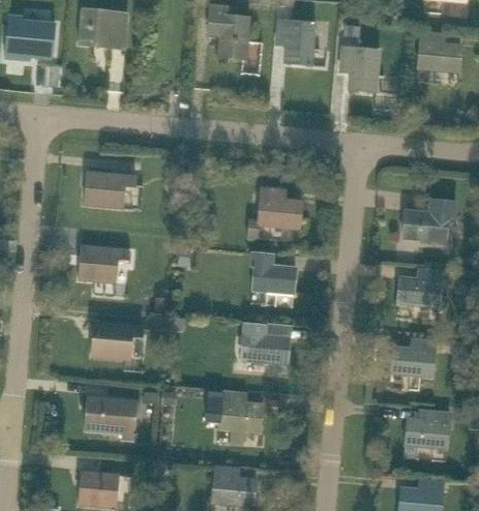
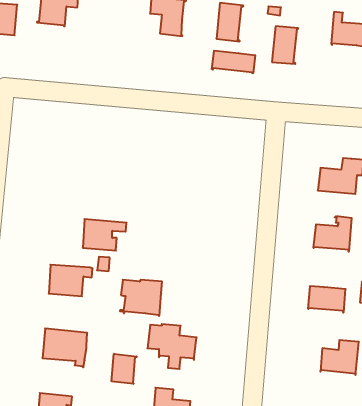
building: none -> [212,51,255,73]
building: [85,172,137,208] -> none
building: [247,198,302,237] -> none
building: [79,246,129,282] -> [83,219,127,251]
building: [251,252,296,295] -> none
building: [242,323,291,364] -> [120,280,162,316]
building: none -> [112,354,137,384]

